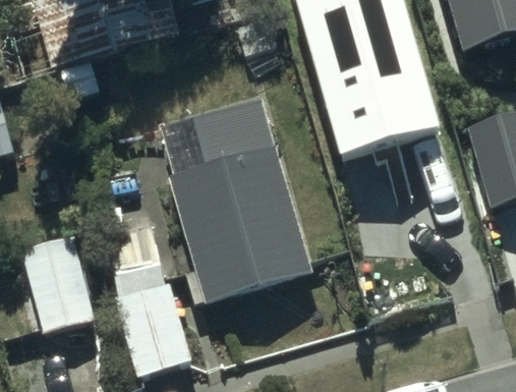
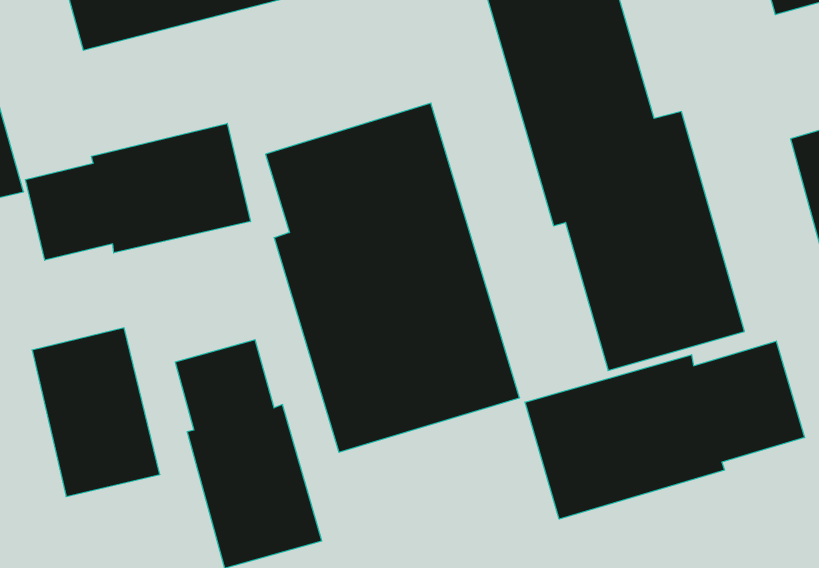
building: none -> [25,123,250,260]
building: none -> [525,341,805,519]

